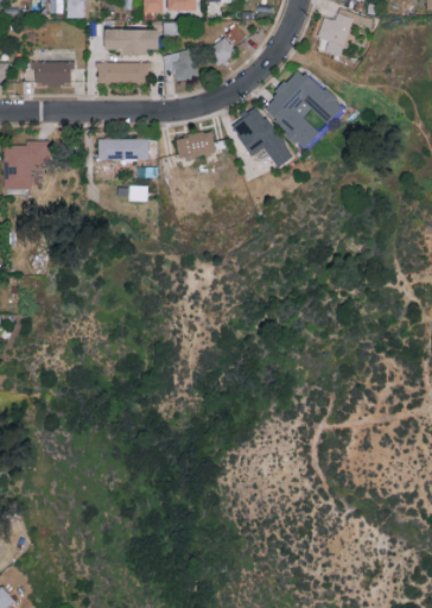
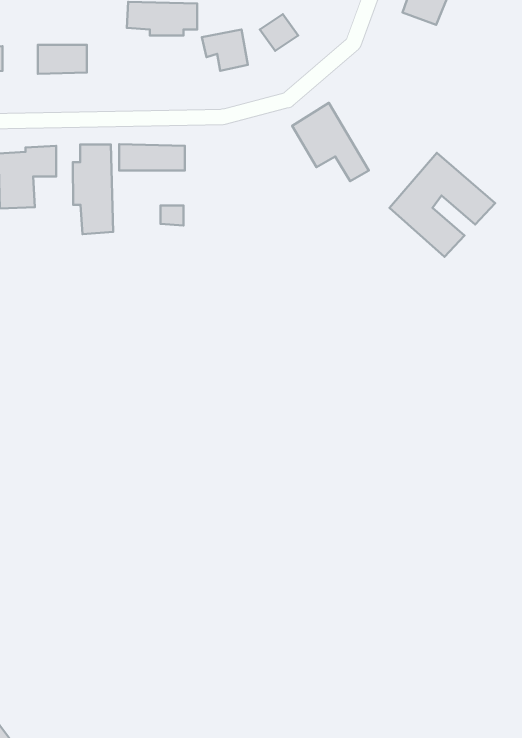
building: [97,63,150,83] -> none
building: [261,68,343,148] -> [389,153,495,257]
building: [174,131,216,159] -> none
building: none -> [73,145,113,234]

